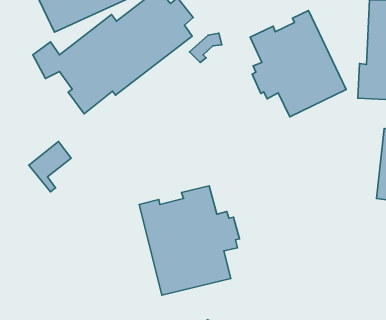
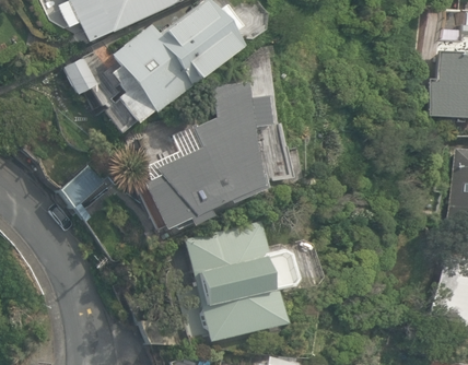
building: [250,11,346,117] -> none
building: none -> [143,82,277,231]

